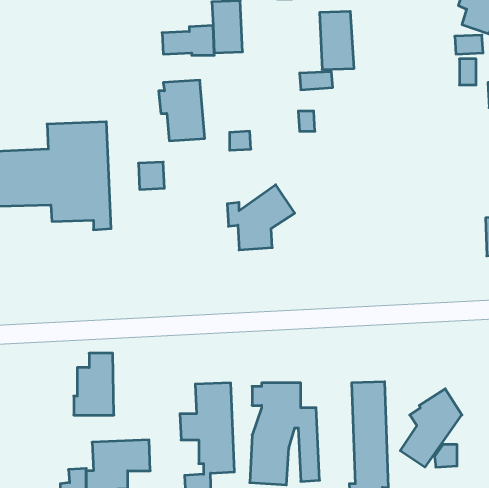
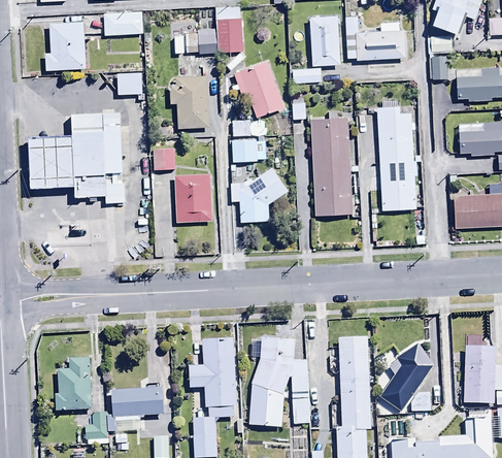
building: none -> [103,10,144,34]
building: none -> [345,14,415,60]
building: none -> [45,21,87,69]
building: none -> [232,60,283,117]
building: none -> [118,70,144,94]
building: none -> [377,99,419,209]
building: none -> [310,110,353,216]
building: none -> [232,137,258,161]
building: none -> [174,171,211,221]
building: [74,353,114,415] -> [56,356,91,410]

